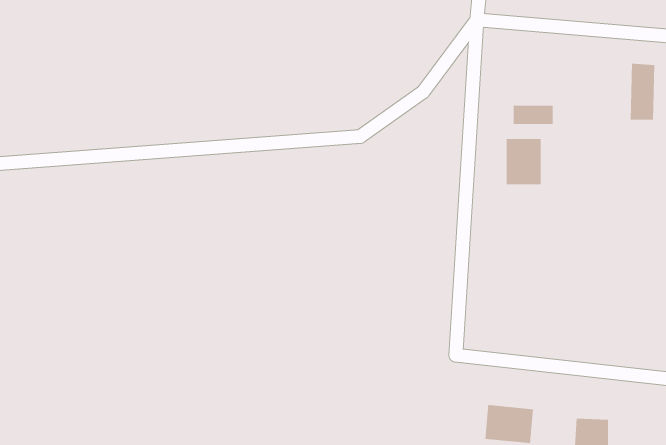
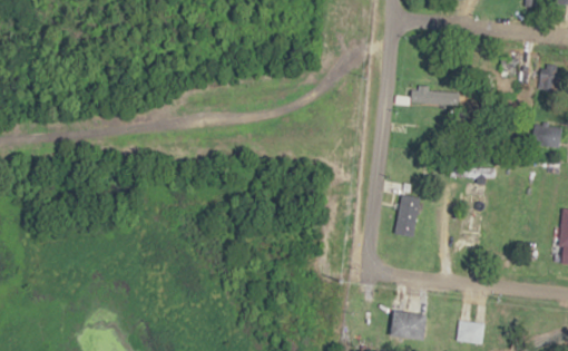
building: [506,138,541,185] -> none
building: none -> [394,194,421,237]

